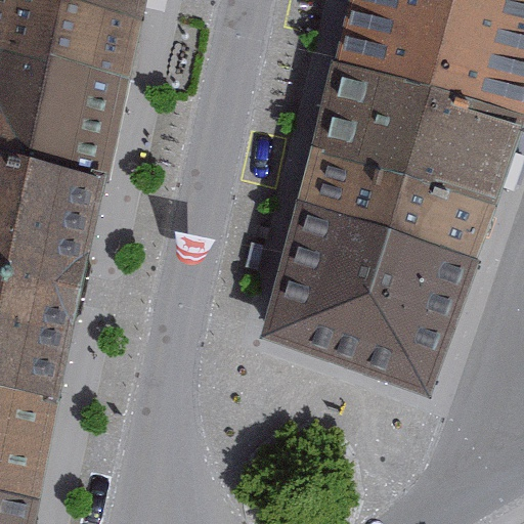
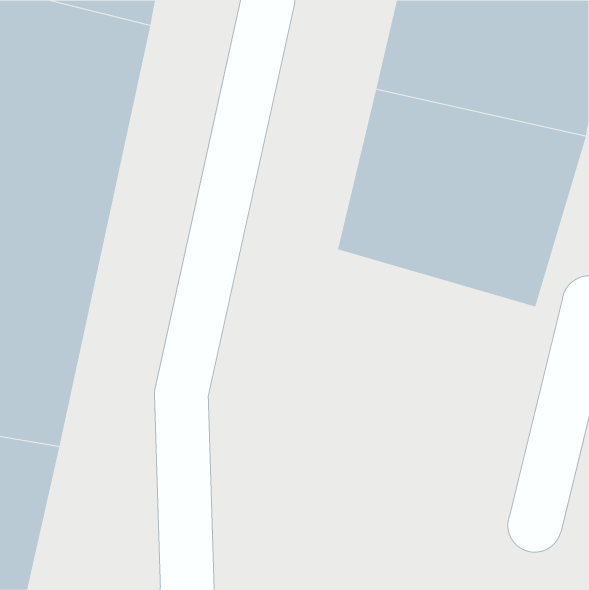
building: [277,221,475,383] -> none

